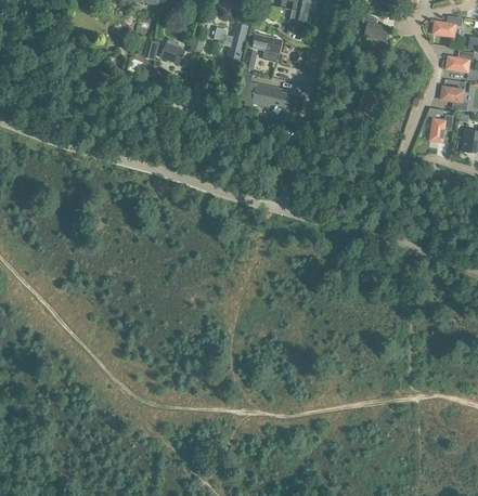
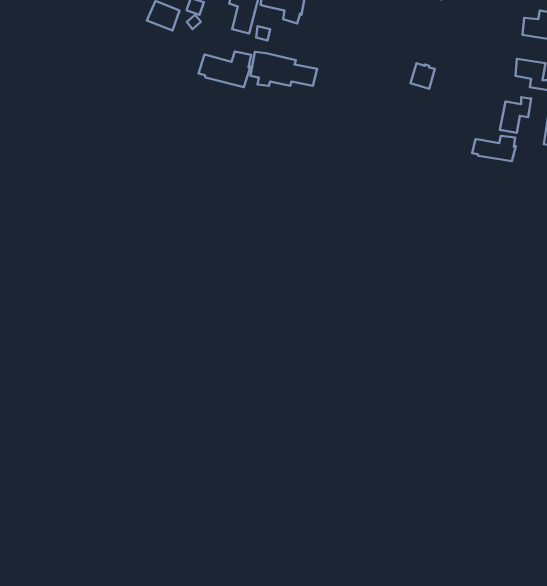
building: none -> [198,52,251,87]
building: none -> [472,136,516,161]

